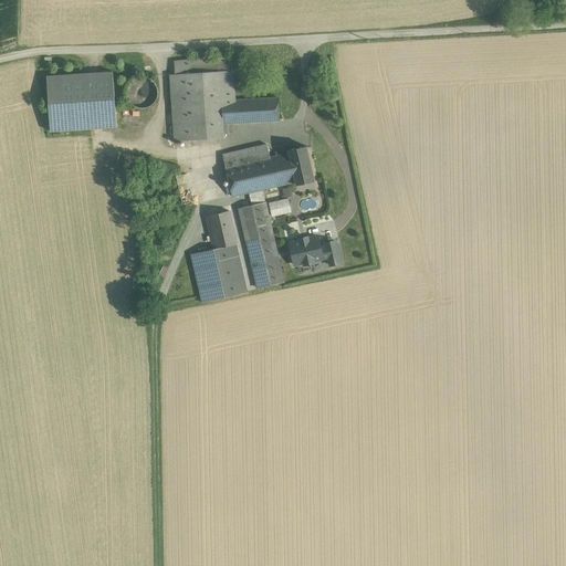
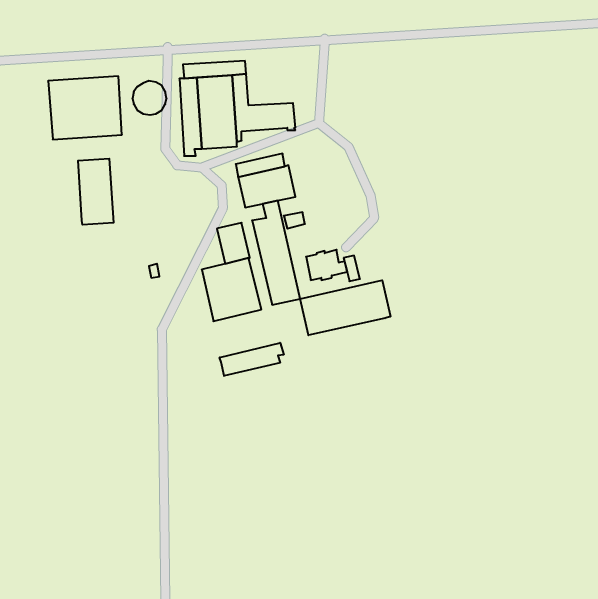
building: [272,146,313,186] -> none
building: none -> [78,159,114,225]
building: none -> [300,280,390,335]
building: none -> [220,343,284,376]

